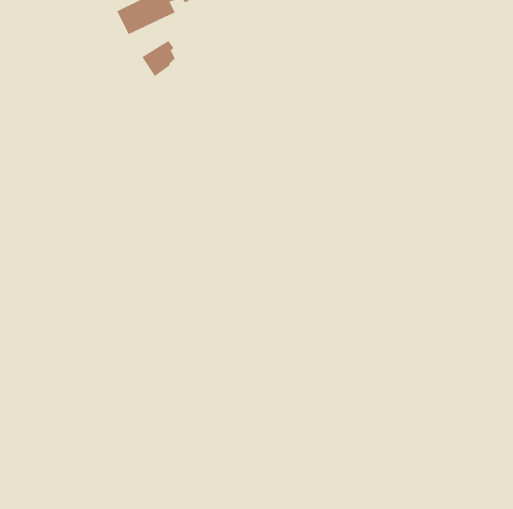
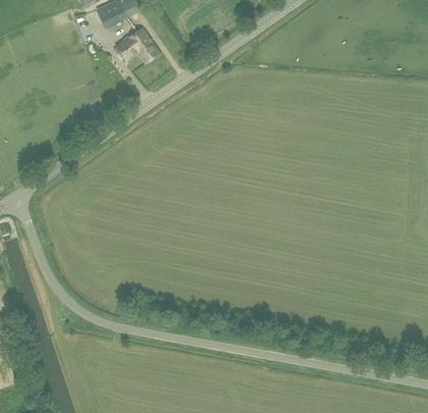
building: none -> [137,28,159,63]

